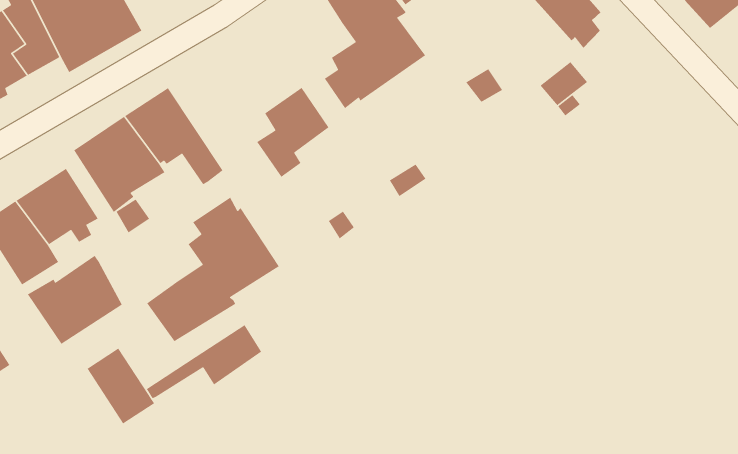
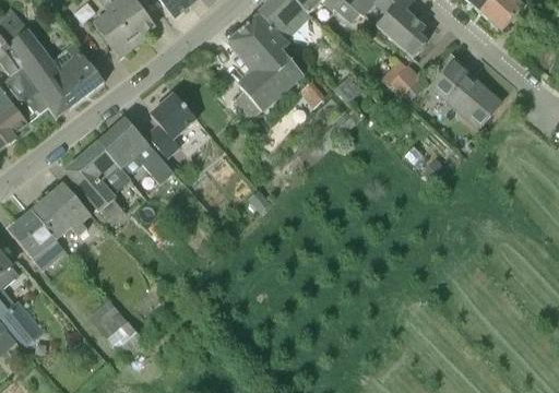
building: none -> [429,59,500,127]
building: [256,87,329,178] -> [145,91,195,156]
building: [146,197,280,342] -> none
building: [27,255,123,345] -> none
building: [146,324,262,399] -> none

